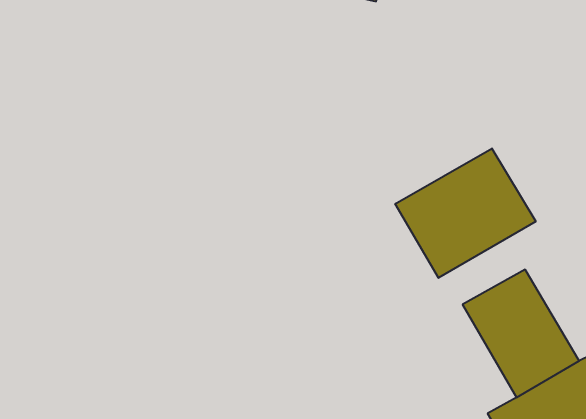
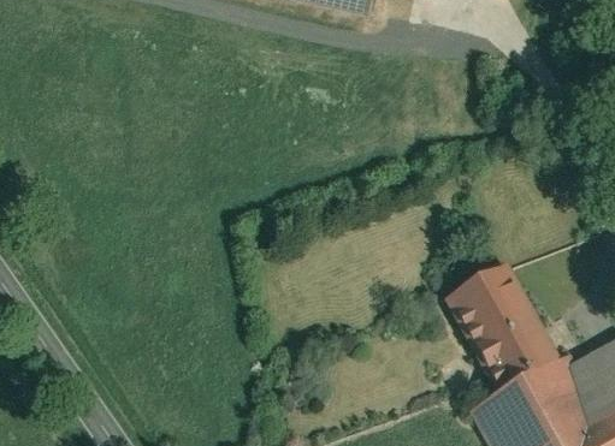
building: [395,148,536,278] -> none

